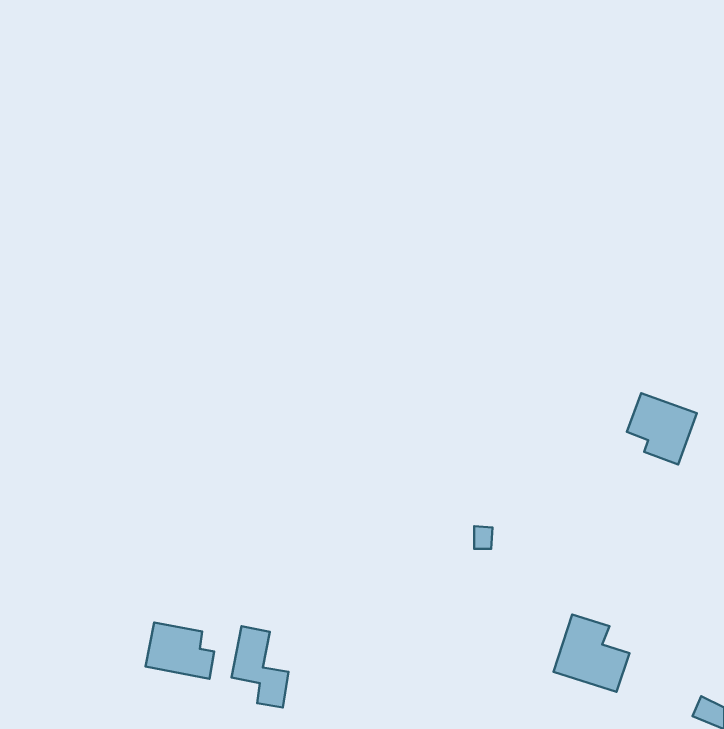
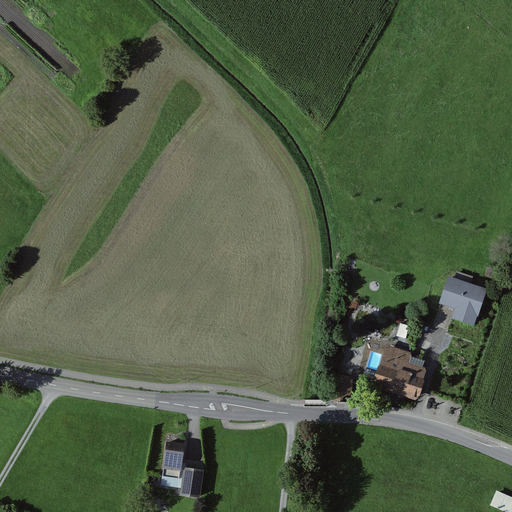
building: [554,615,629,692] -> [373,346,426,400]
building: [146,623,214,679] -> none

